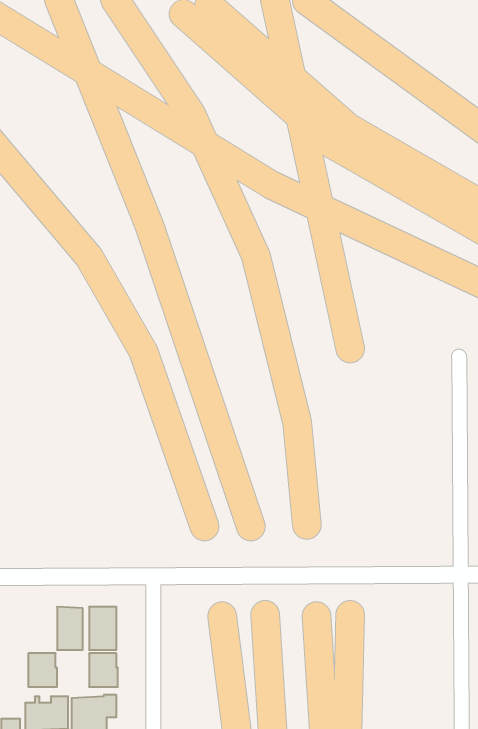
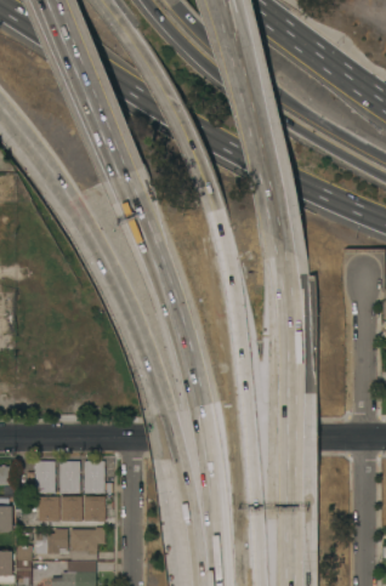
building: none -> [34,461,56,493]
building: none -> [61,496,83,522]

